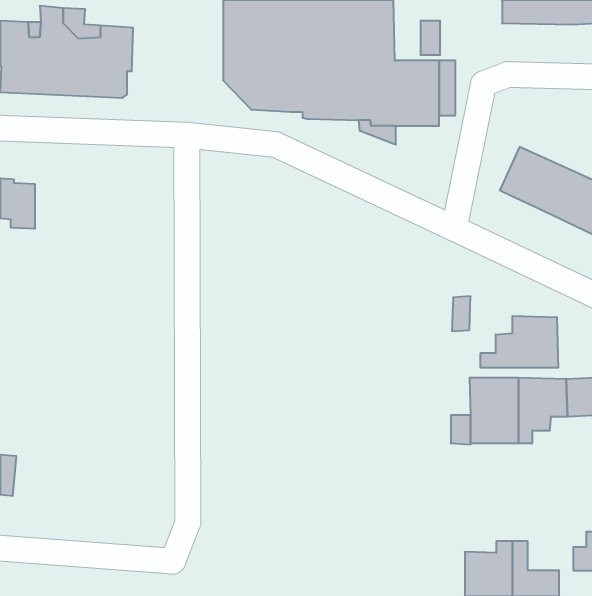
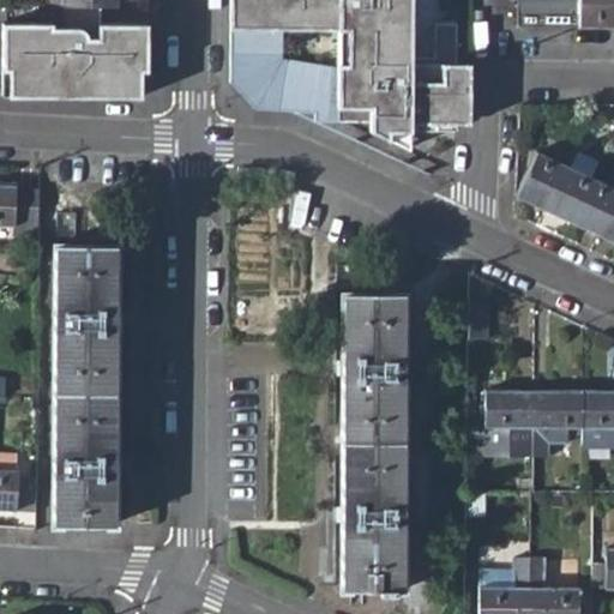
building: none -> [56,245,119,523]
building: none -> [345,293,405,594]
building: [481,316,558,368] -> none

